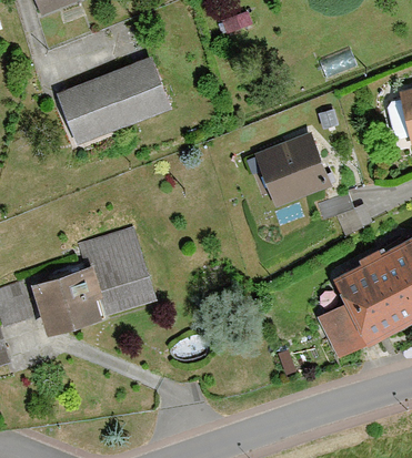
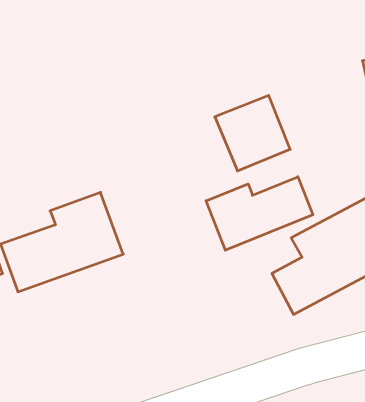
building: [52,54,168,145] -> none
building: none -> [206,177,313,250]

